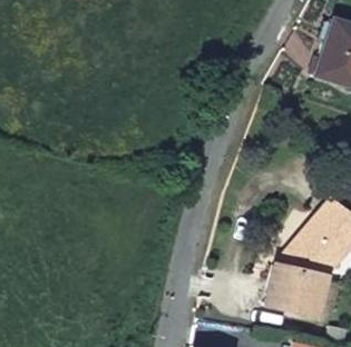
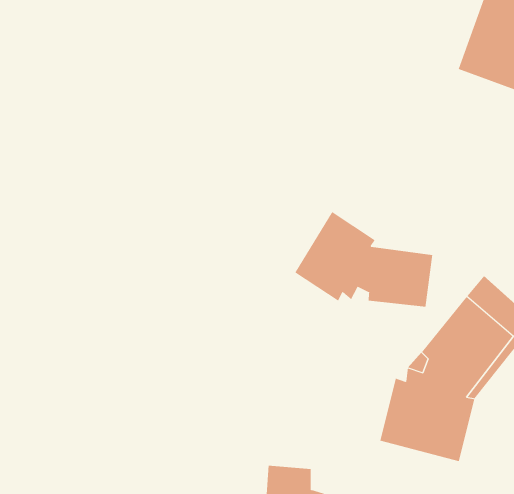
building: none -> [295,211,433,308]

